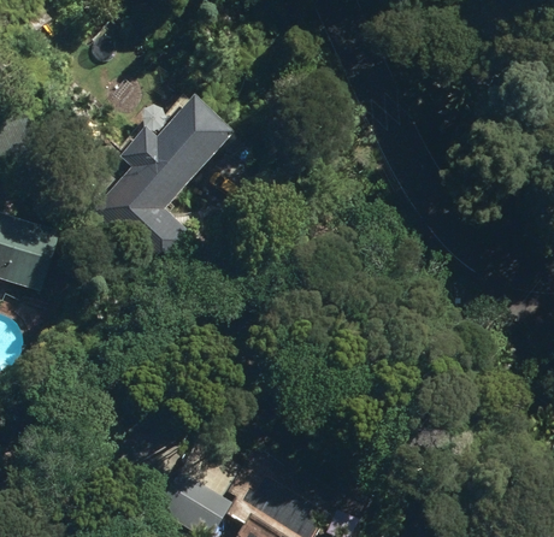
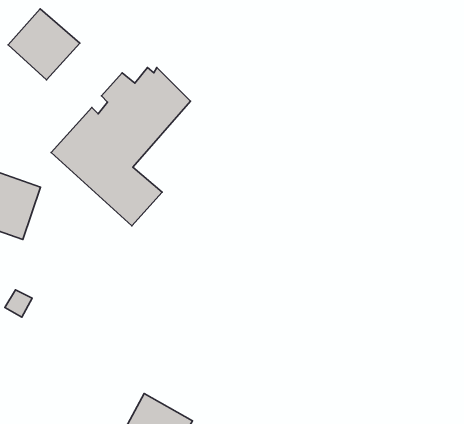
building: none -> [8,9,80,80]

